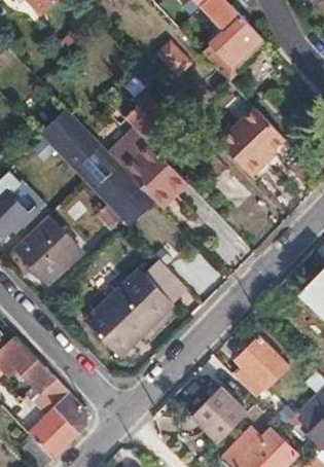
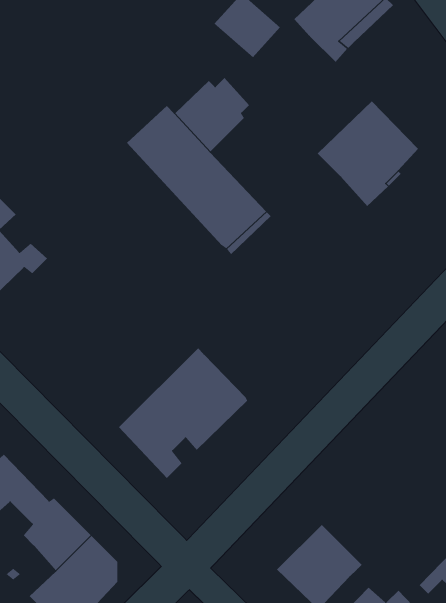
building: [39,108,154,226] -> none
building: [14,216,82,283] -> none
building: [143,259,186,302] -> none
building: [236,337,287,398] -> none

